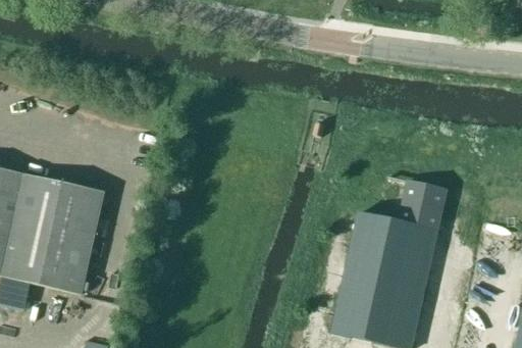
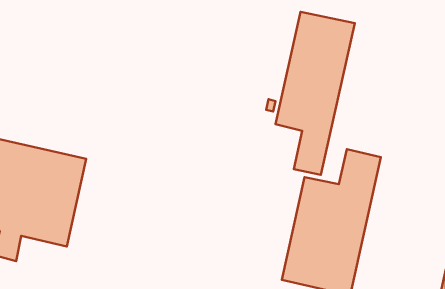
building: none -> [275,12,355,175]

